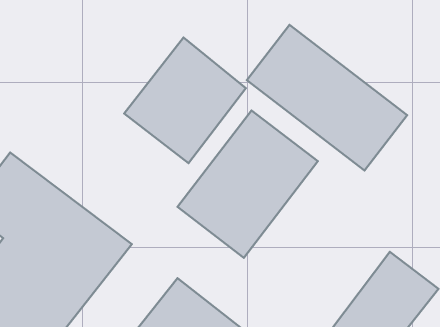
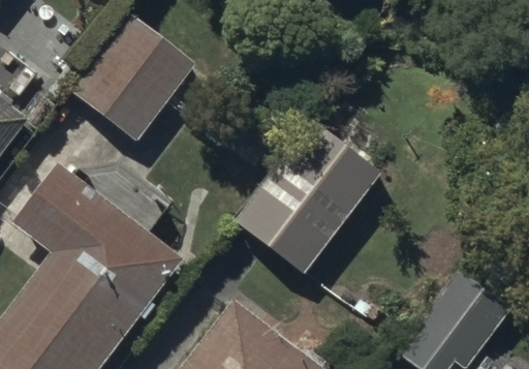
building: [247,25,407,170] -> none
building: [124,38,246,163] -> [67,11,196,145]

